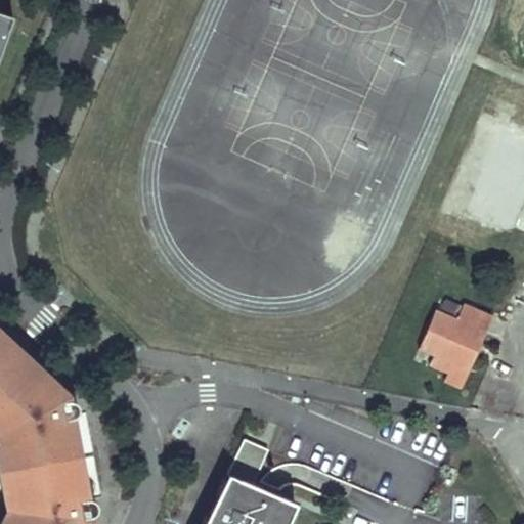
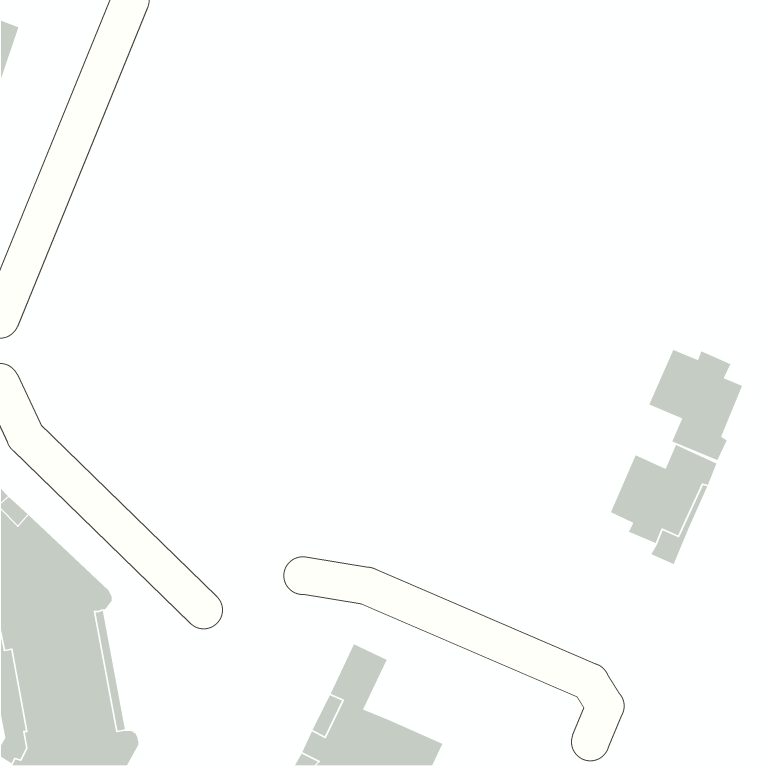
building: none -> [648,349,743,461]

